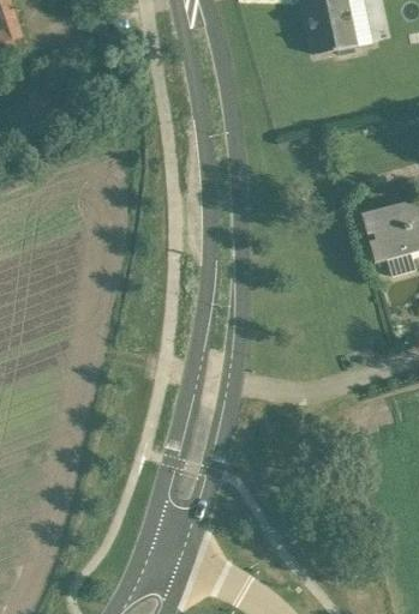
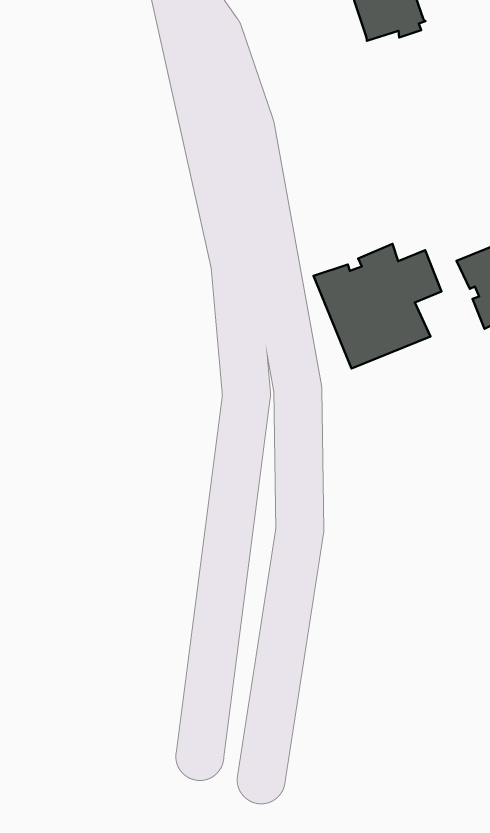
building: none -> [314,244,442,368]

